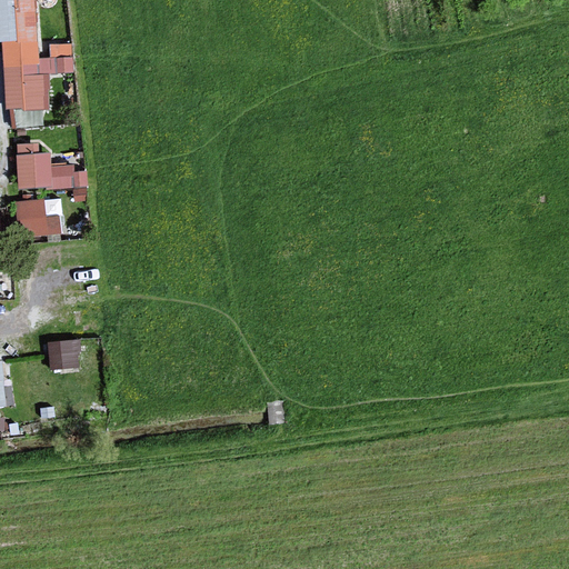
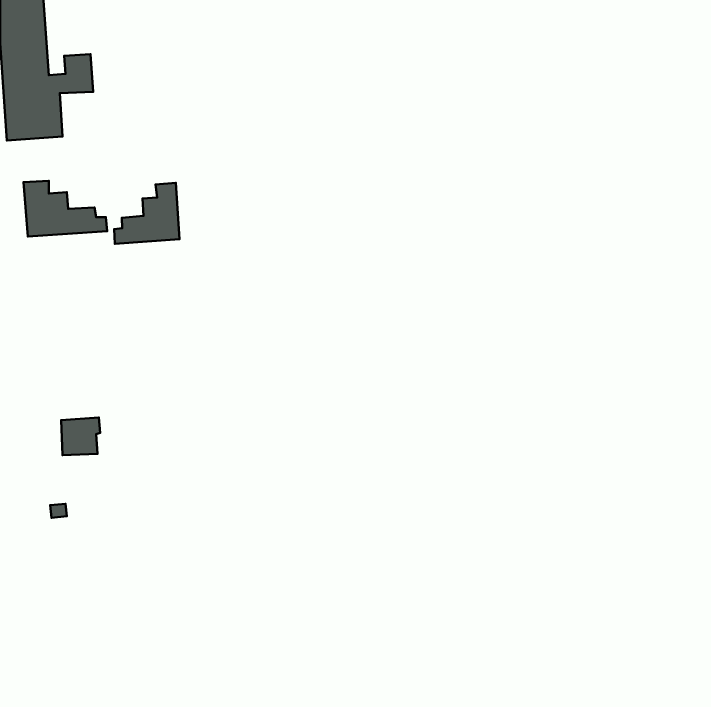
building: none -> [114,183,180,244]
building: [16,199,61,236] -> none

